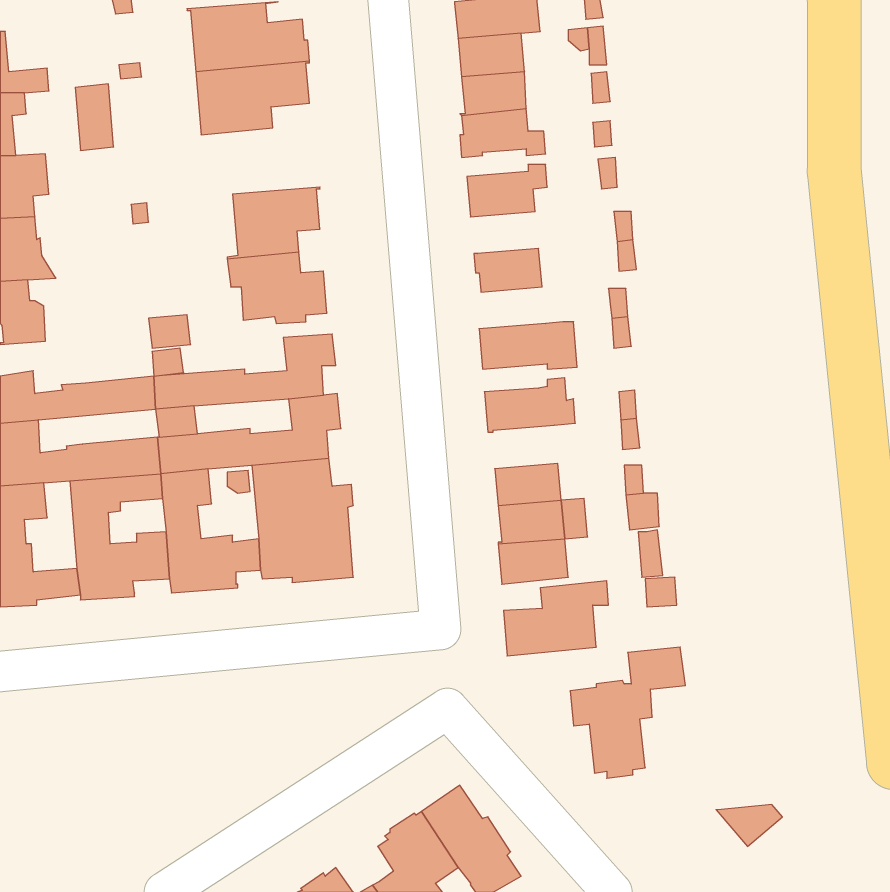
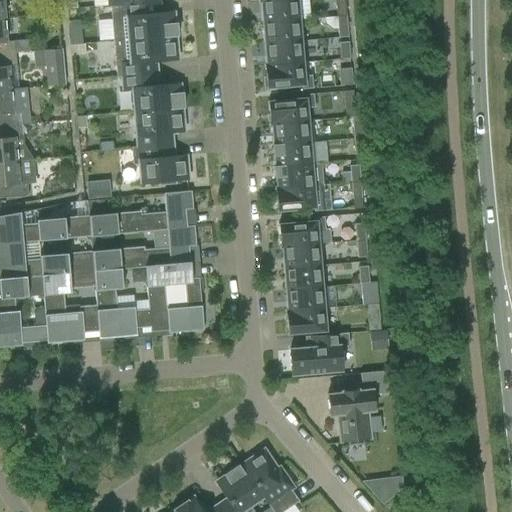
building: none -> [117,73,185,111]
building: none -> [271,121,310,145]
building: none -> [275,163,324,188]
building: none -> [284,243,321,268]
building: [716,805,782,846] -> [365,479,403,503]

